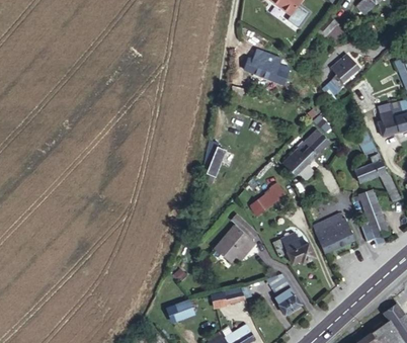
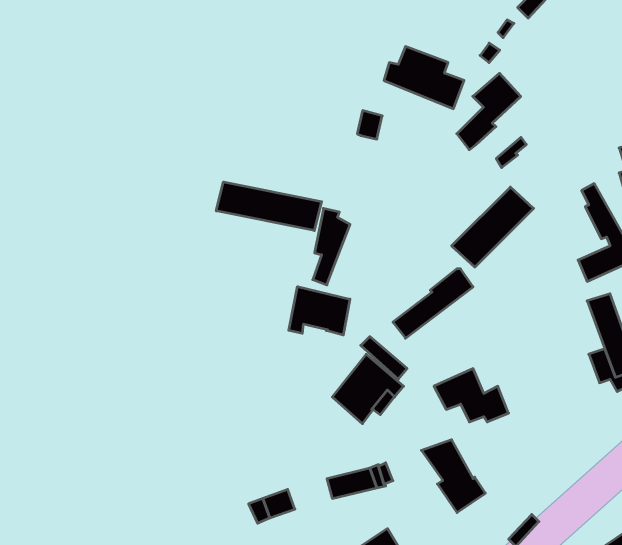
building: [322,55,358,98] -> [457,73,521,150]
building: none -> [216,182,322,231]
building: none -> [289,287,350,335]
building: [313,213,354,253] -> none

